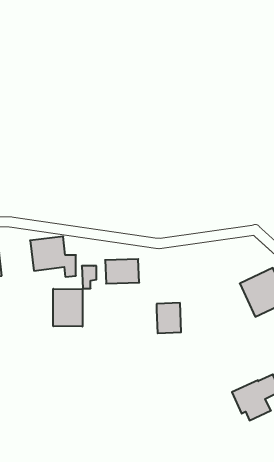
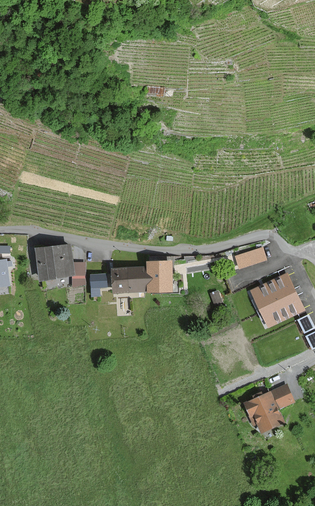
building: none -> [236,248,264,270]
building: [53,289,82,327] -> none
building: [157,303,181,333] -> [148,260,173,291]

